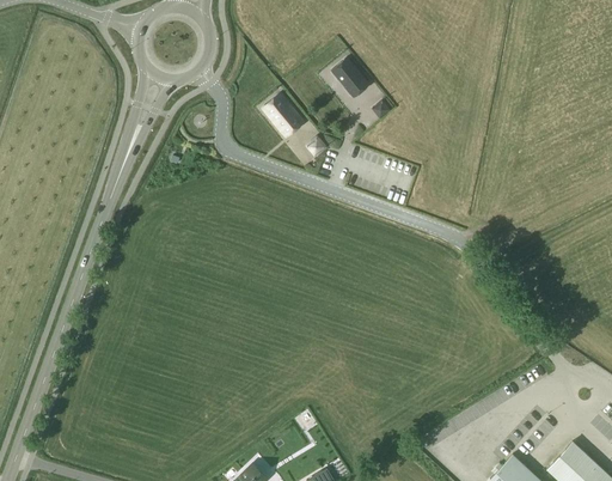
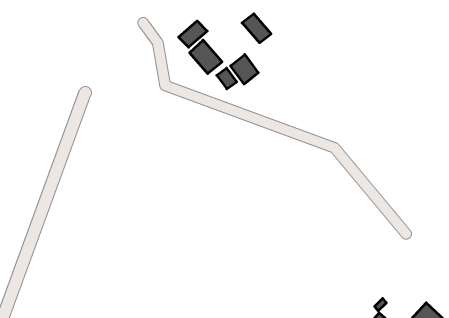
building: none -> [179,21,207,47]
building: none -> [231,54,258,84]

